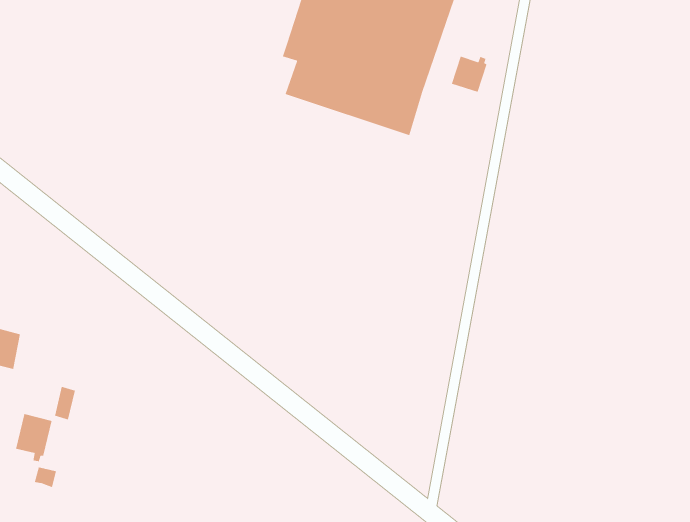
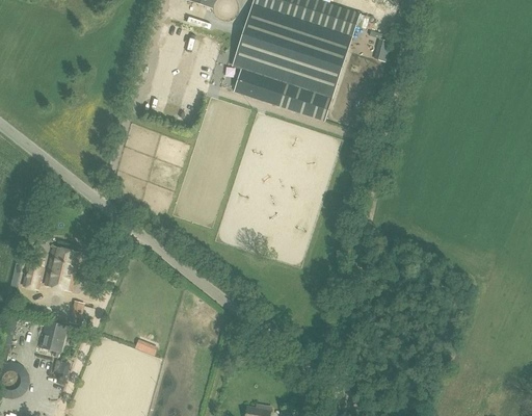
building: [451,56,488,93] -> none
building: none -> [44,246,79,289]

